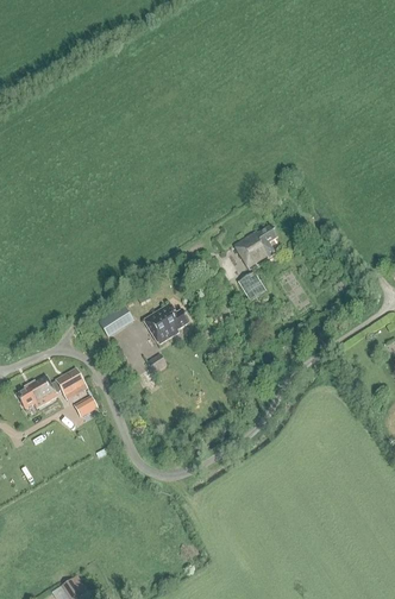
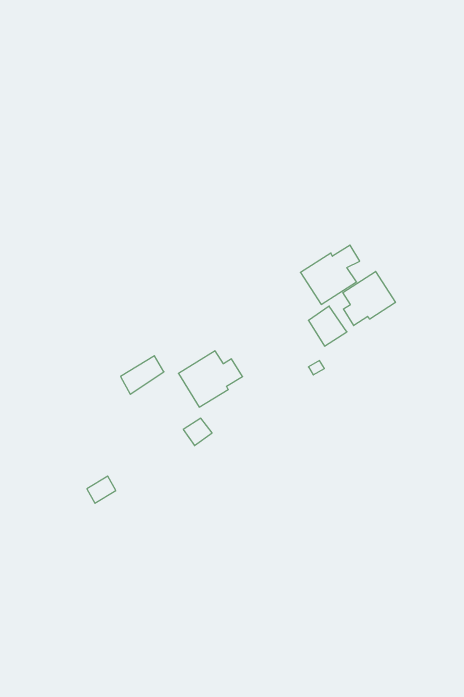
building: none -> [343,271,395,326]
building: [17,368,87,409] -> none

